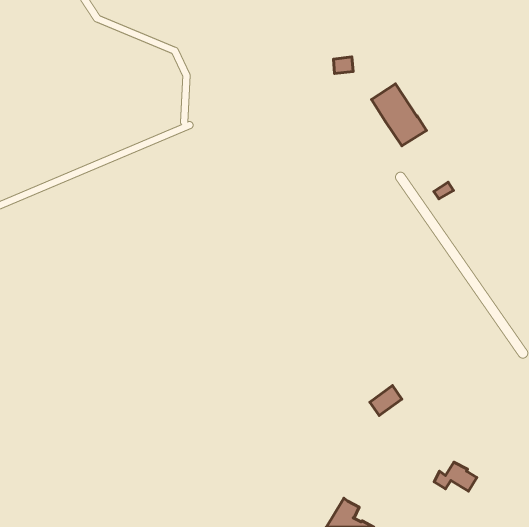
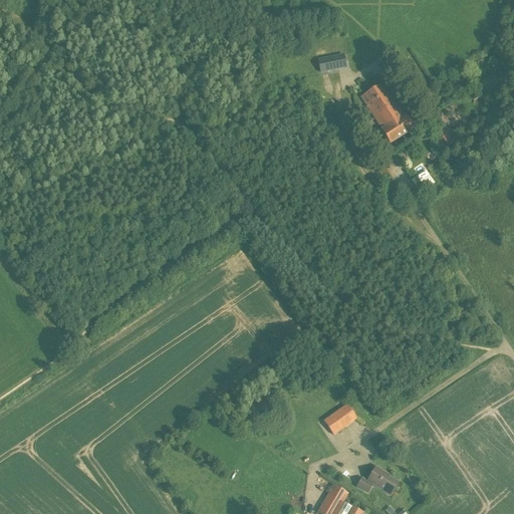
building: [370,386,402,416] -> [324,405,355,434]
building: [434,462,477,491] -> [356,466,398,494]

